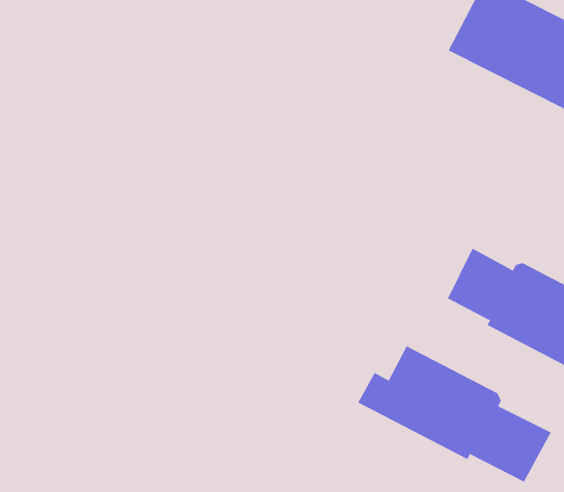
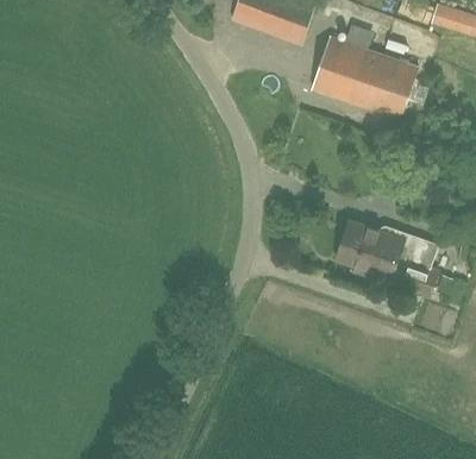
building: [357,345,552,482] -> none

